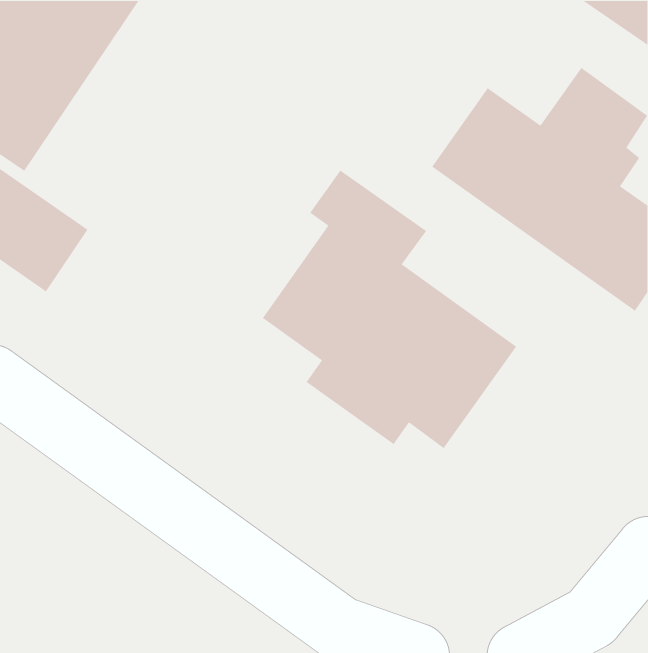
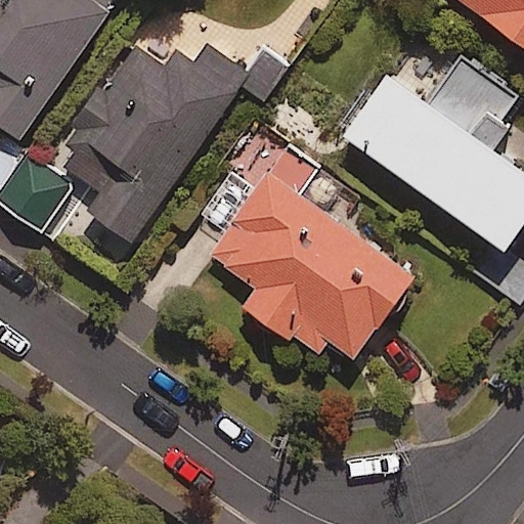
building: none -> [54,47,286,243]

